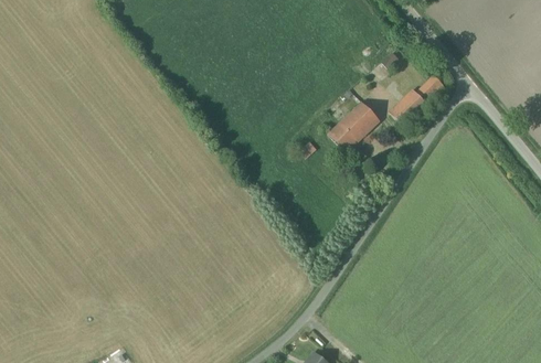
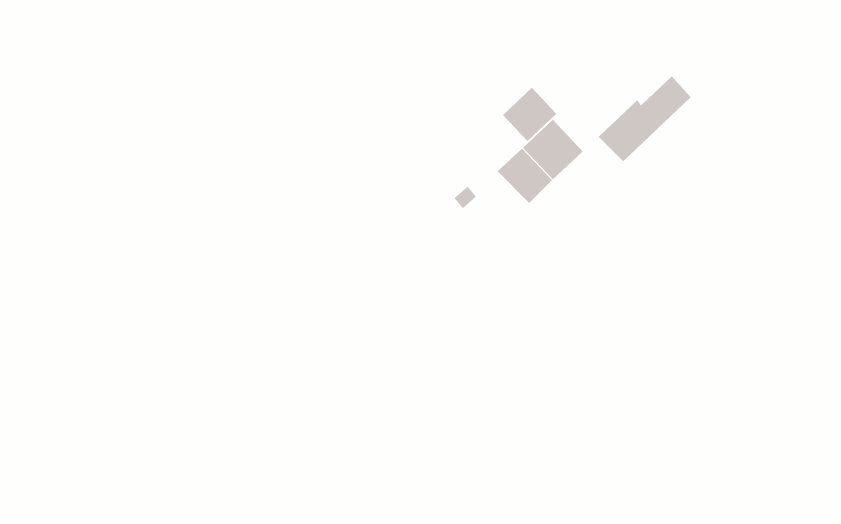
building: none -> [502,87,557,142]

